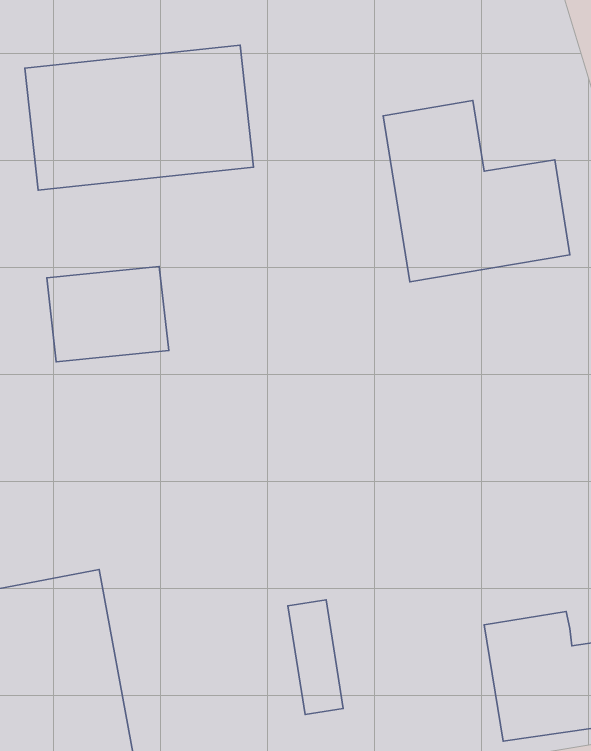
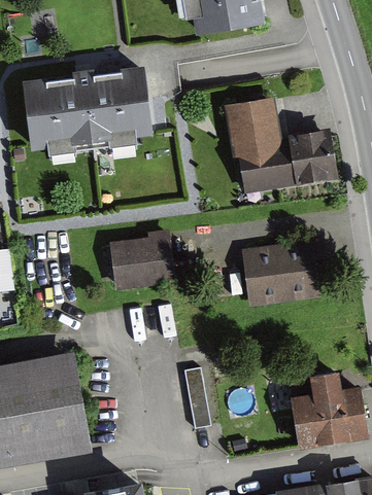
building: [47,266,169,362] -> [111,238,177,289]
building: none -> [240,246,310,303]

